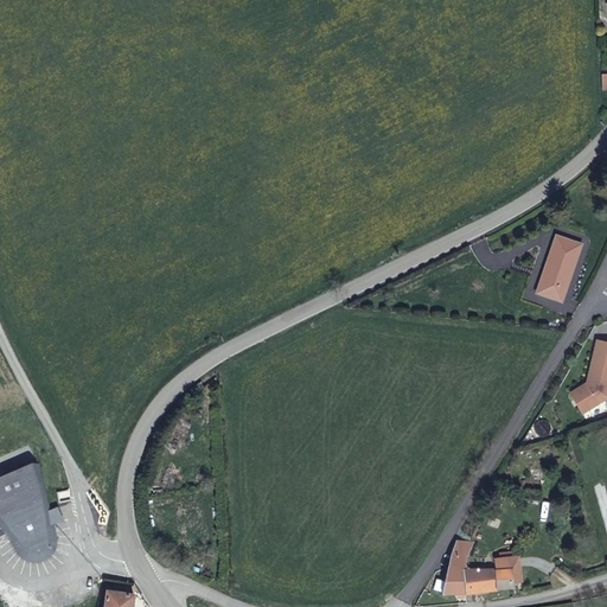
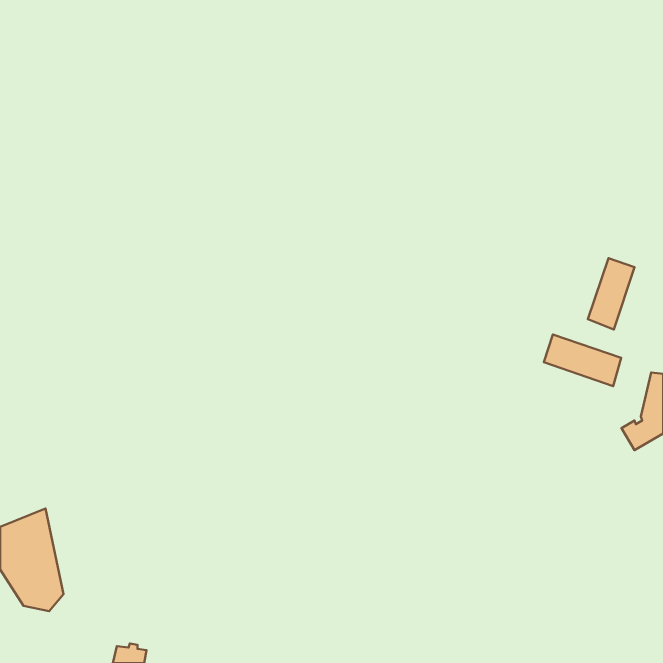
building: none -> [544,335,621,386]
building: [441,541,522,594] -> none

